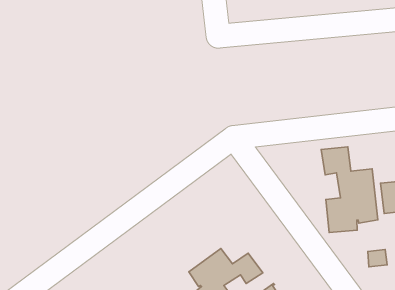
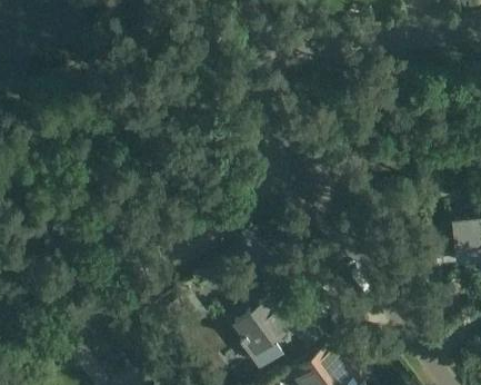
building: [321,147,378,233] -> none

